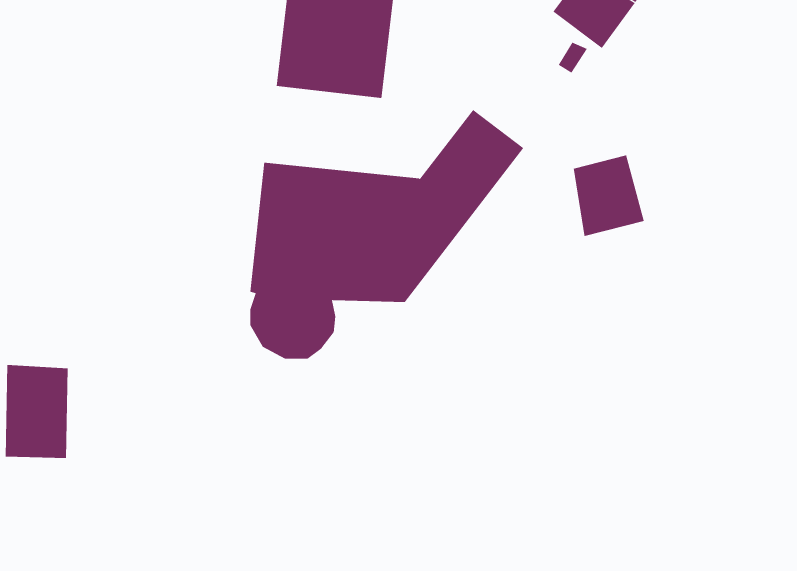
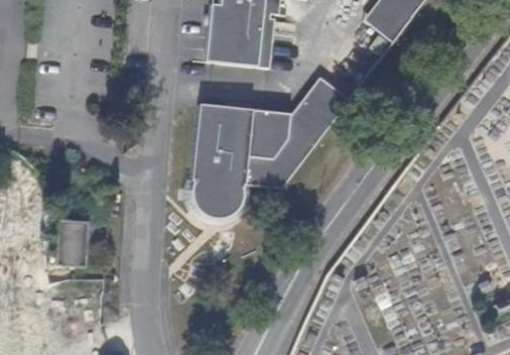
building: [573,154,644,237] -> none

